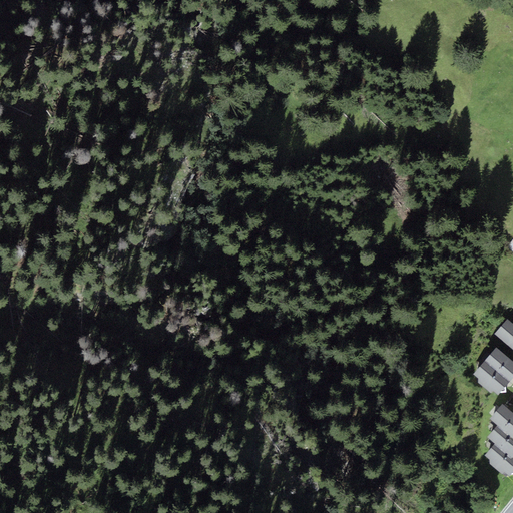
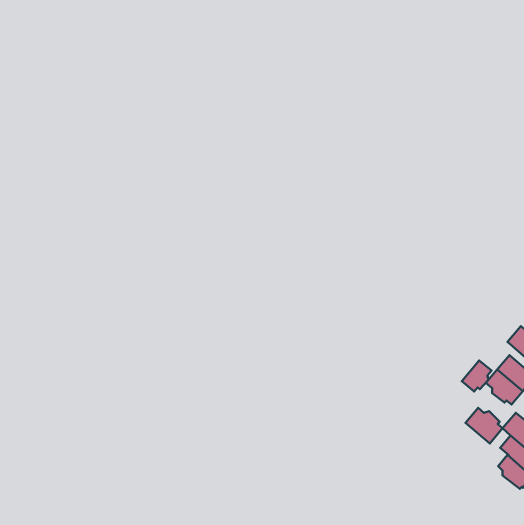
building: none -> [462,360,492,391]
building: none -> [465,408,502,443]

